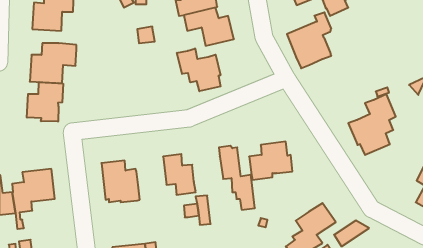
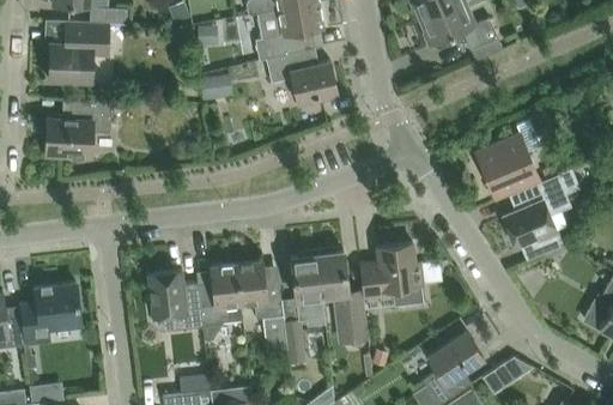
building: [287,12,331,68] -> [475,120,539,200]
building: [177,48,221,91] -> none
building: [27,82,63,122] -> none
building: none -> [290,250,323,325]
building: none -> [198,264,241,339]

